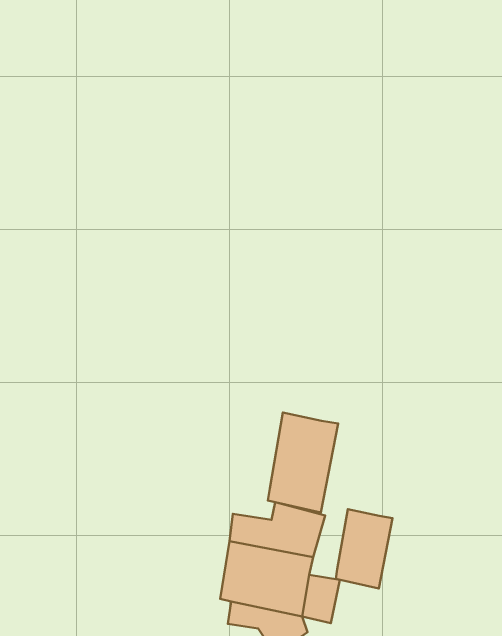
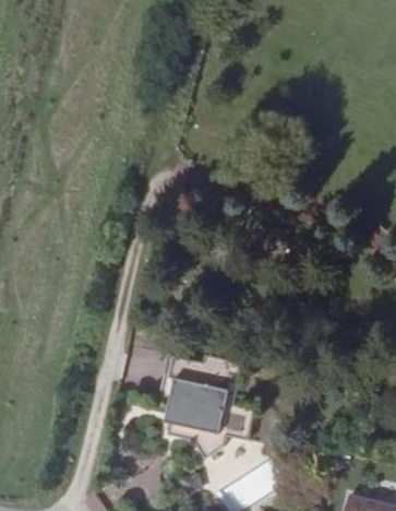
building: [268,412,338,512] -> none
building: [336,509,393,589] -> none

